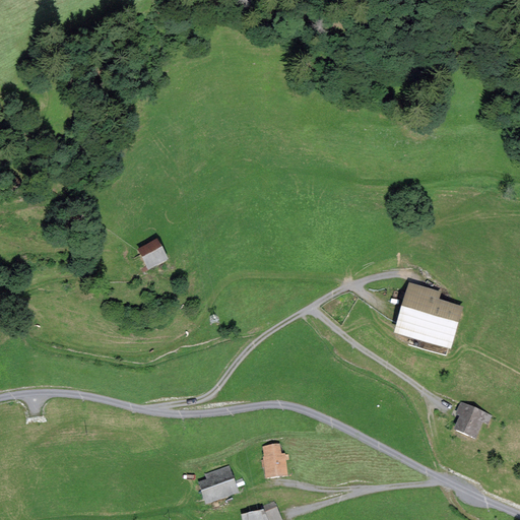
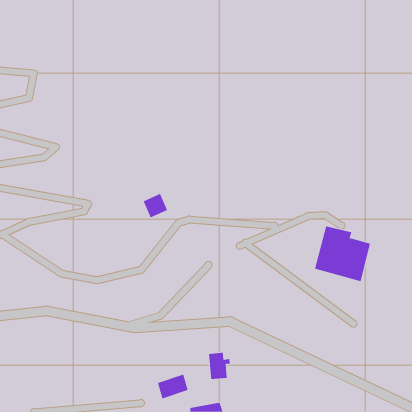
building: [134,240,166,271] -> [143,193,168,218]
building: [450,401,492,438] -> none

